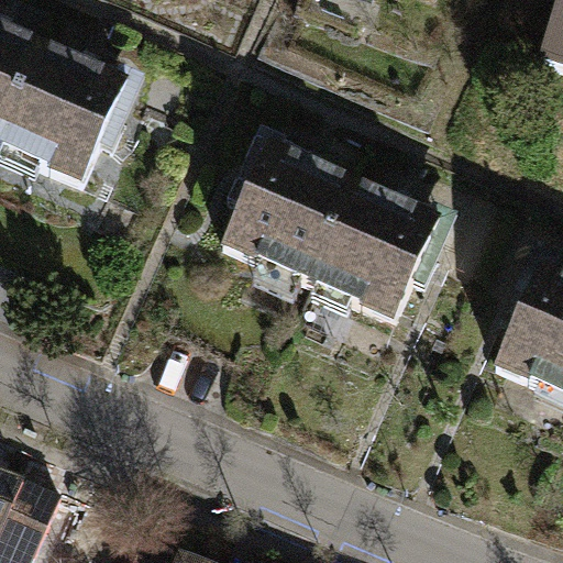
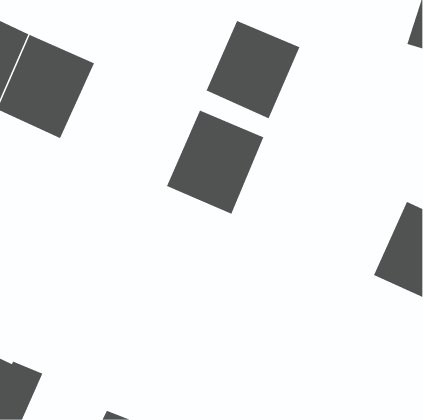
building: none -> [206,20,300,119]
building: [307,181,437,320] -> none

